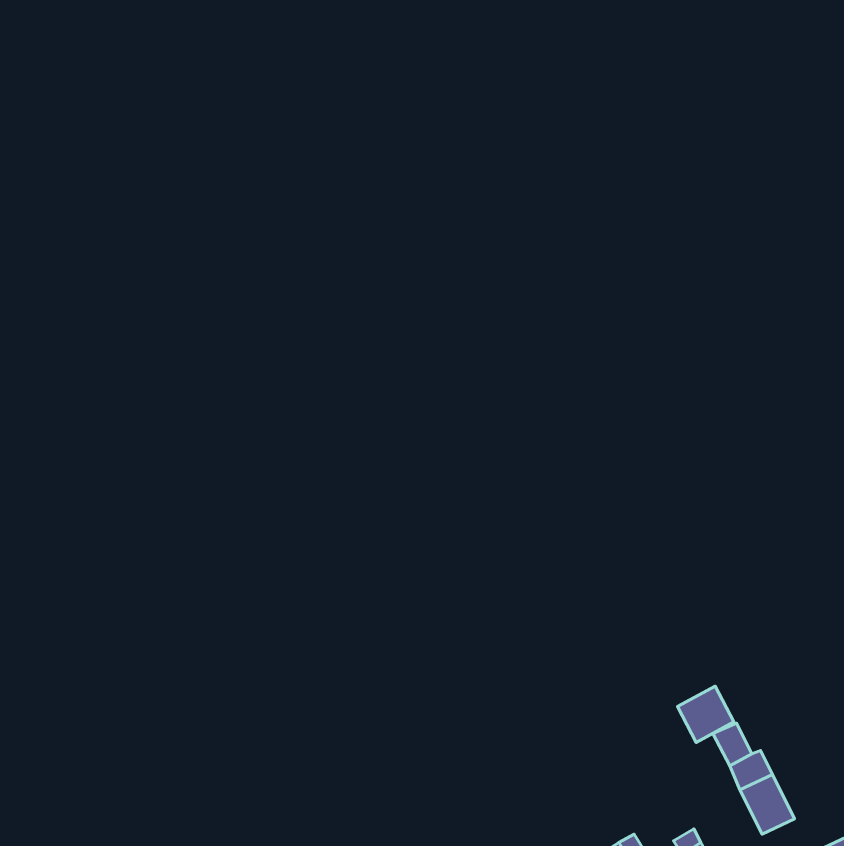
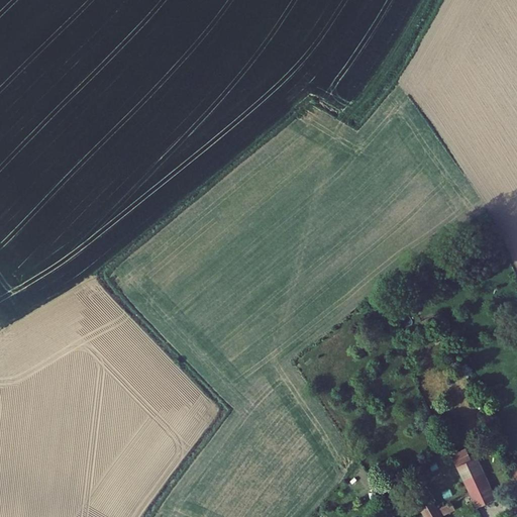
building: [677,686,734,742] -> none

